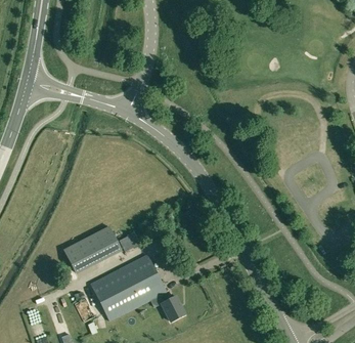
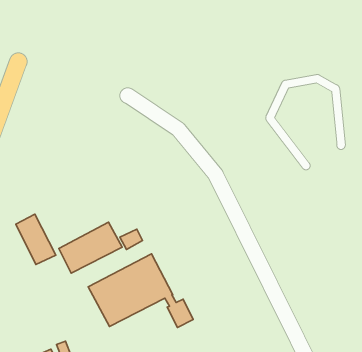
building: none -> [16,214,56,265]

